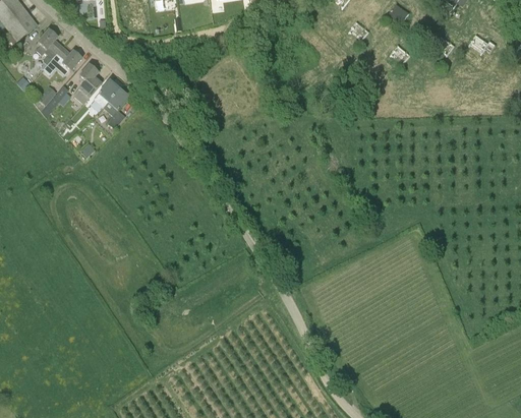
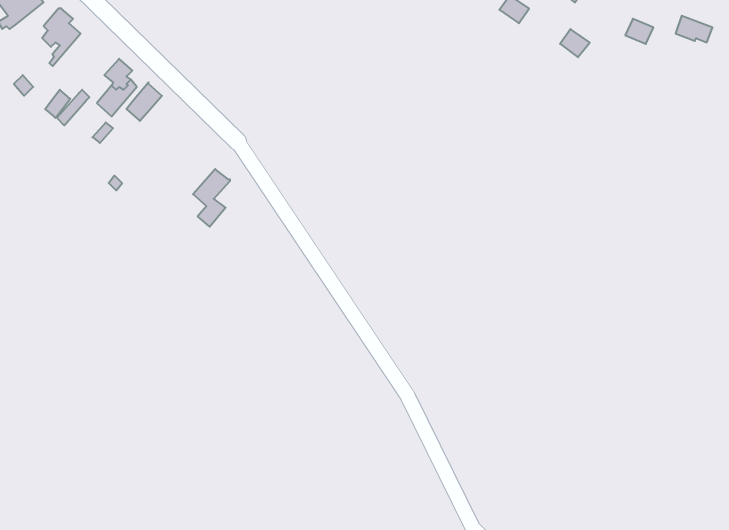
building: [42,46,80,72] -> none
building: [102,88,127,128] -> [193,169,230,227]

